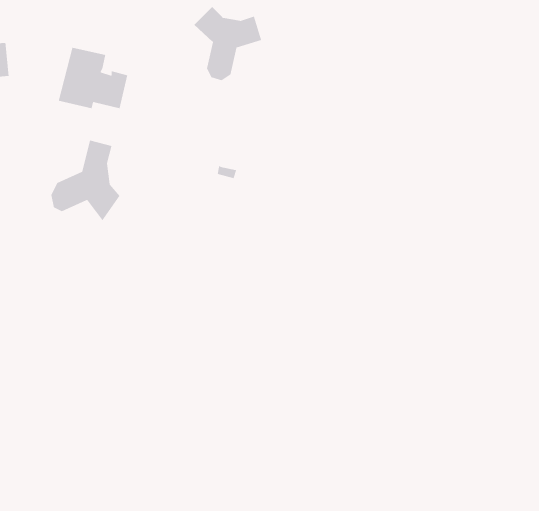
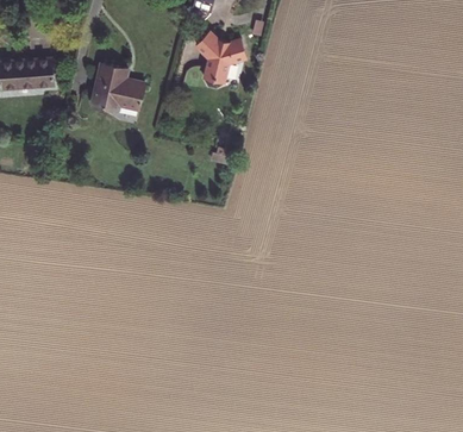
building: [51,140,121,221] -> none

